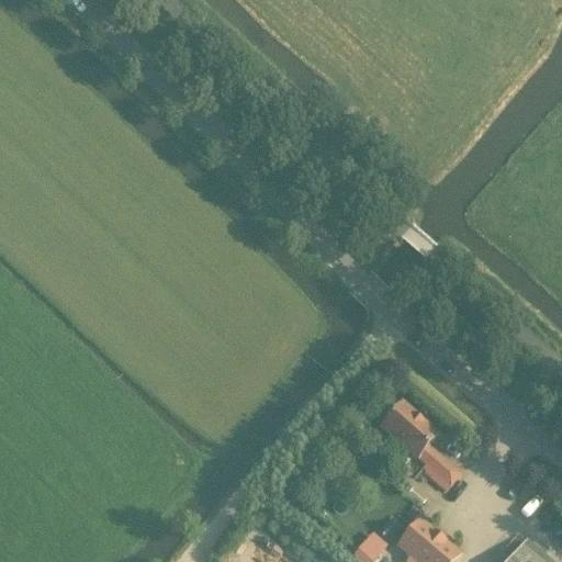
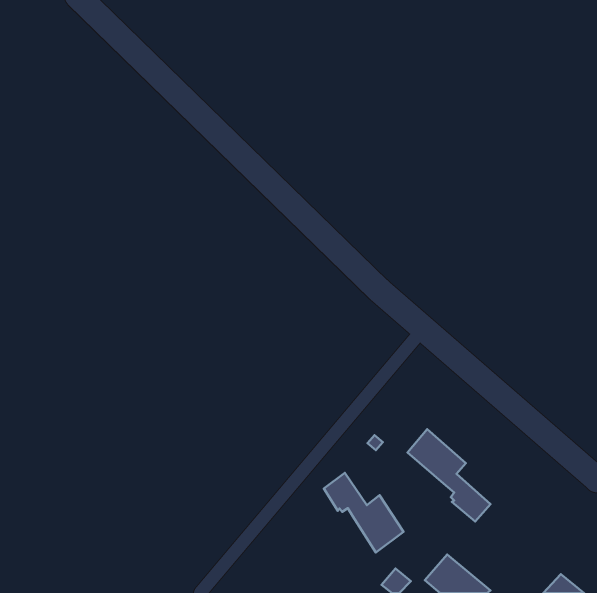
building: none -> [324,473,404,553]

